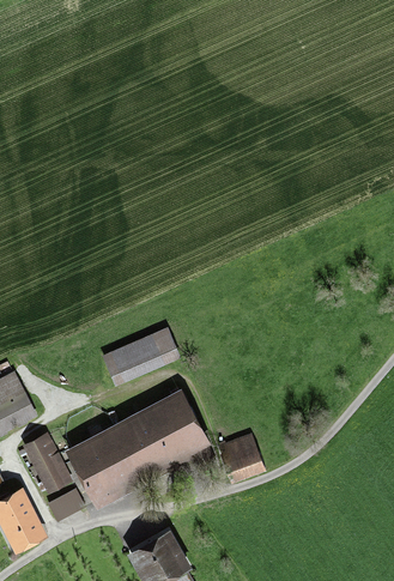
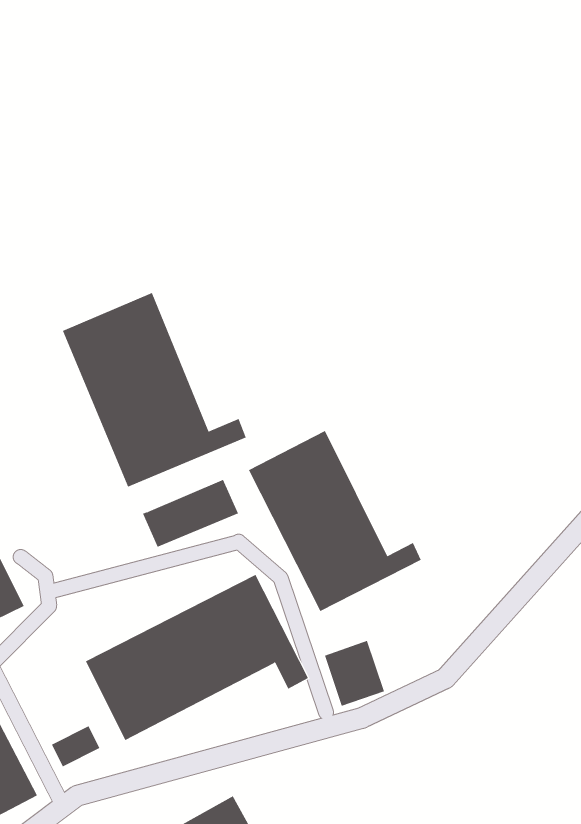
building: none -> [62,292,246,487]
building: none -> [248,430,422,612]
building: [28,434,67,484] -> none

